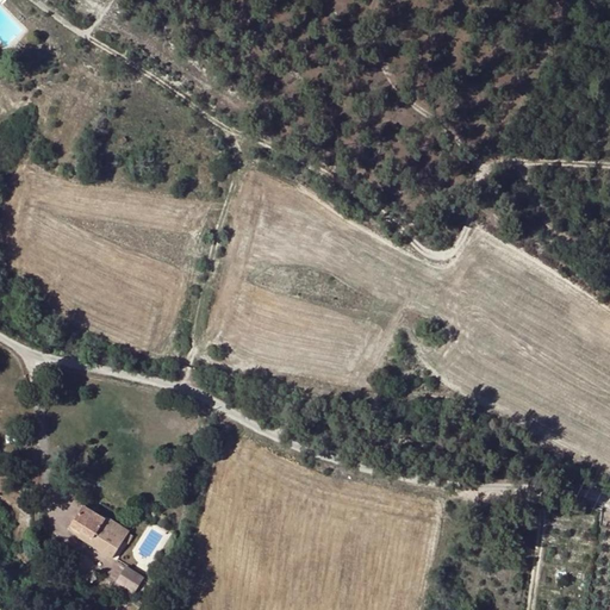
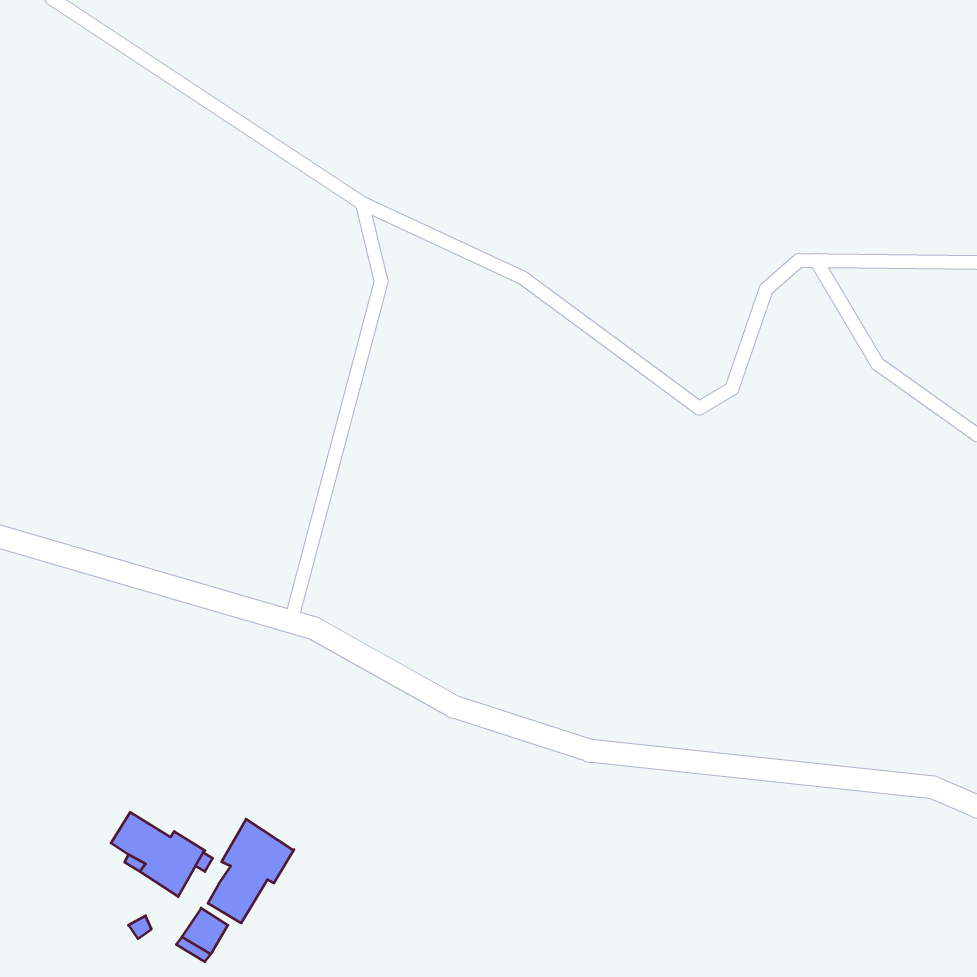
building: none -> [208,819,294,923]

